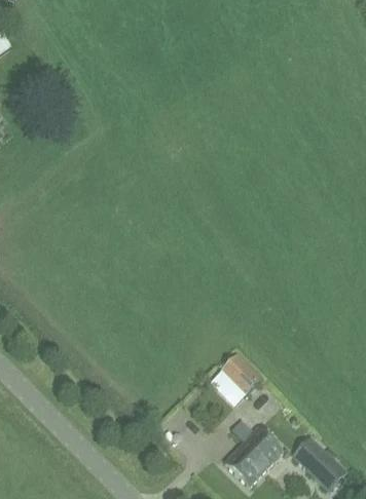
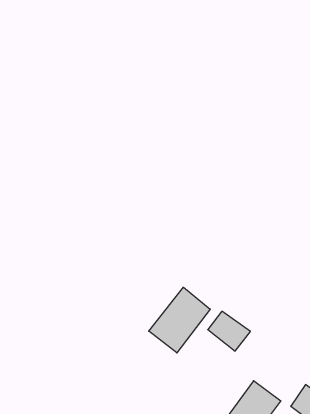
building: none -> [149,287,210,353]

